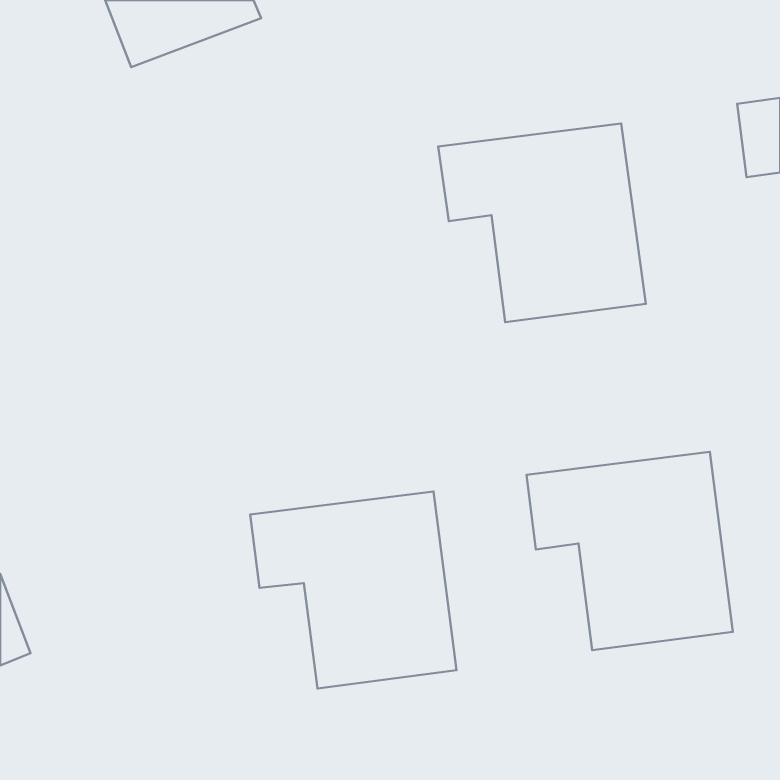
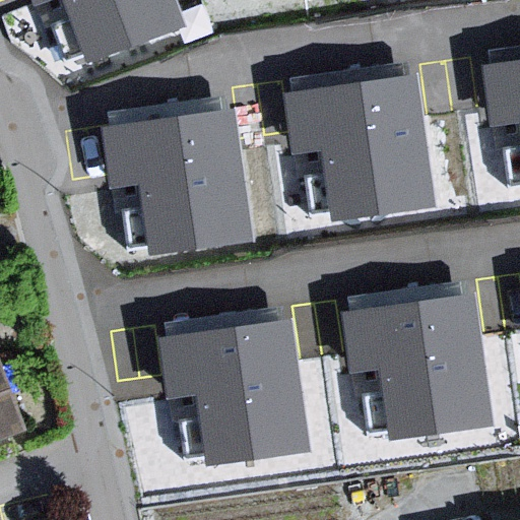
building: none -> [110,116,247,248]

